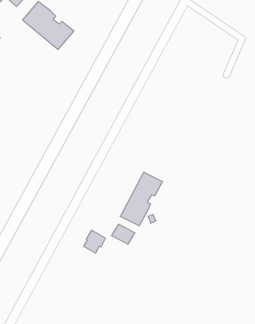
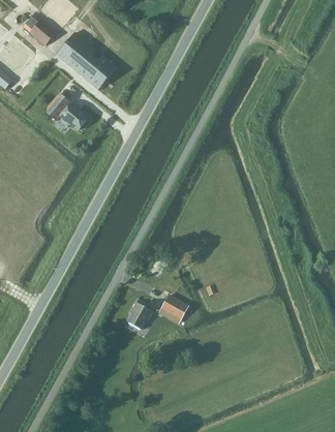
building: none -> [45,93,89,130]
building: [120,172,162,226] -> none

